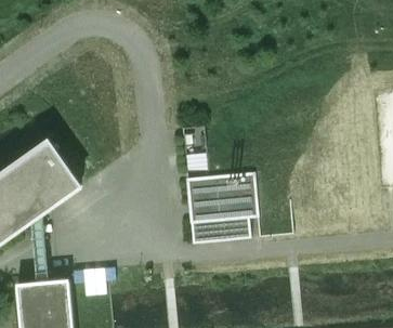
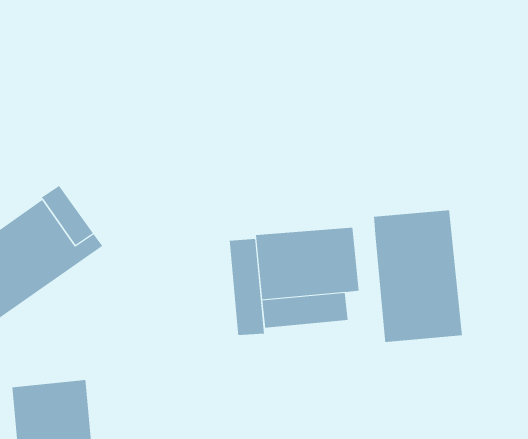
building: none -> [373,209,463,343]
building: none -> [229,238,265,336]

